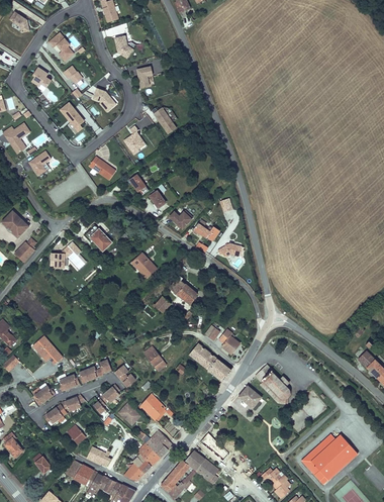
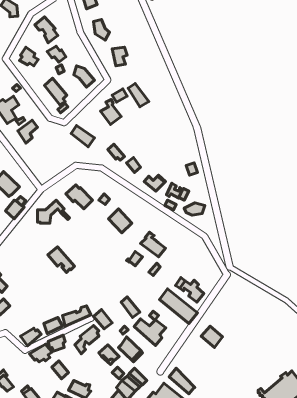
building: [32,334,63,364] -> [48,247,74,272]
building: [258,367,292,404] -> none
building: none -> [134,319,166,346]

